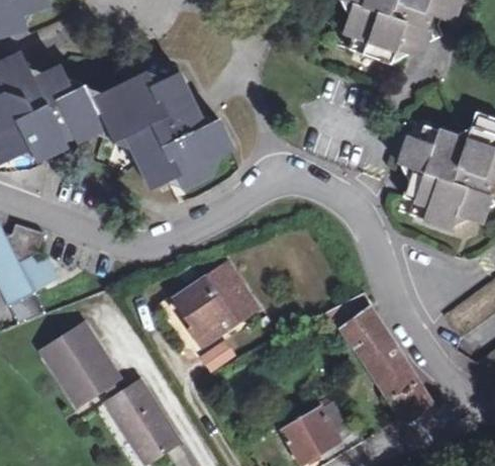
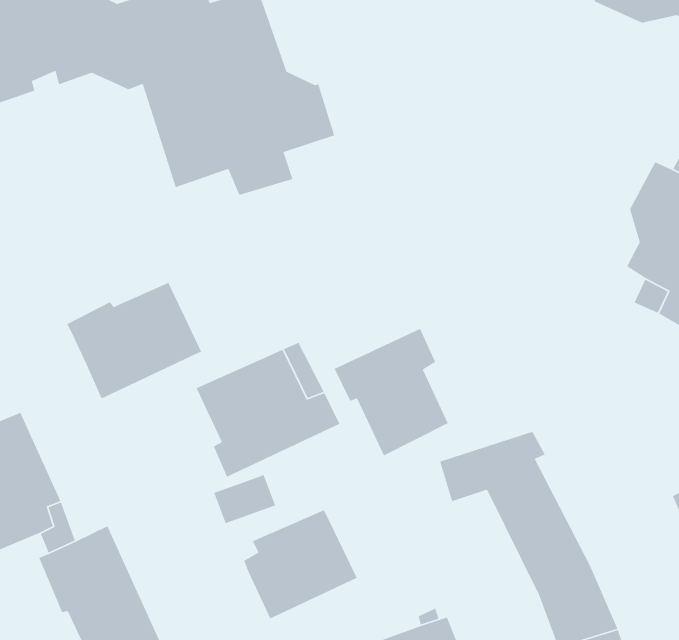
building: none -> [66,282,202,399]
building: none -> [333,328,449,457]
building: none -> [243,509,358,619]

